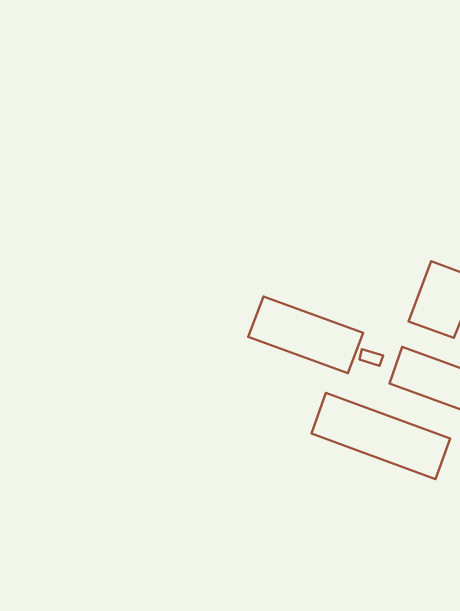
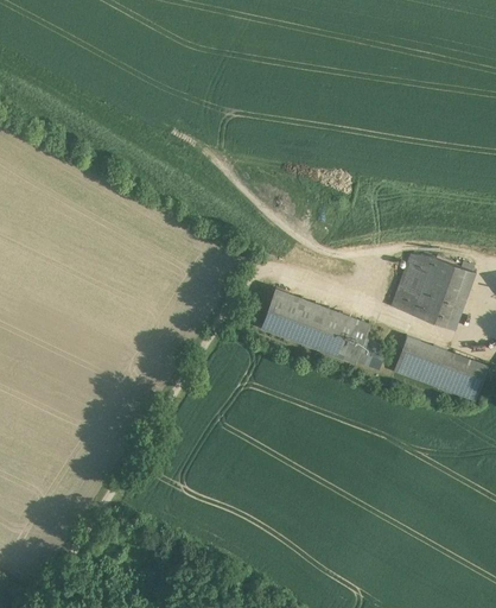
building: none -> [393,255,434,315]
building: [311,393,450,479] -> none

